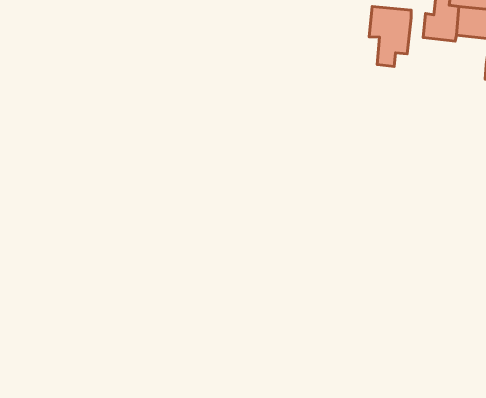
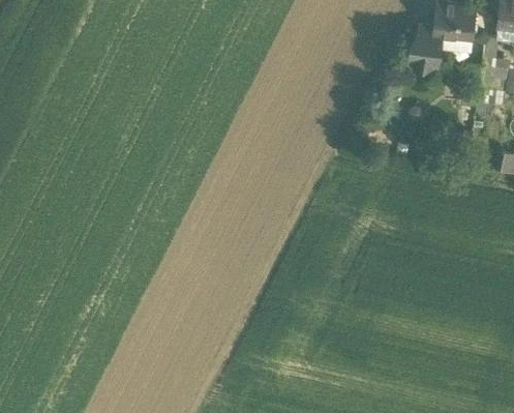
building: [369,7,411,66] -> none

